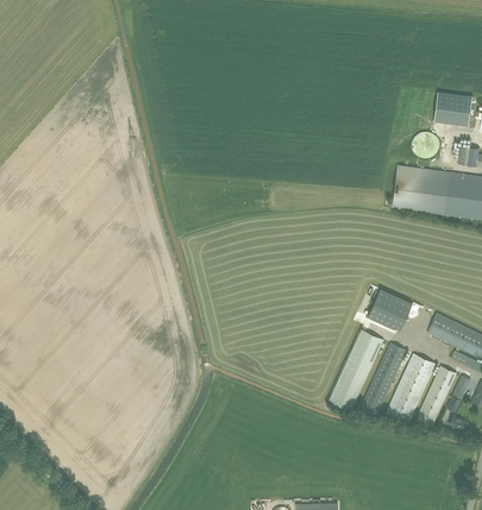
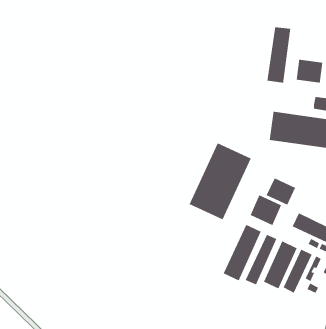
building: none -> [267,26,291,83]
building: none -> [189,142,251,220]
building: none -> [266,178,296,206]

